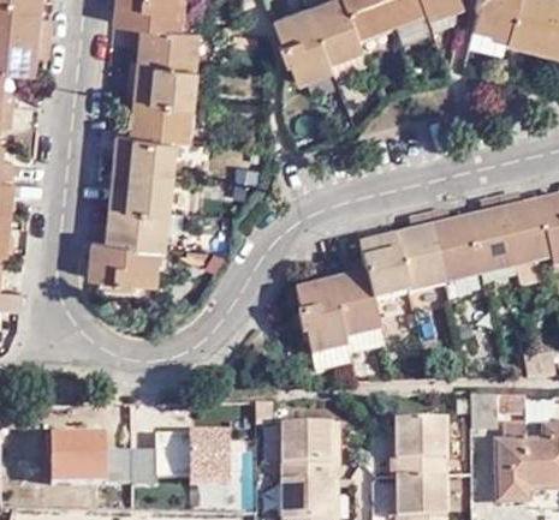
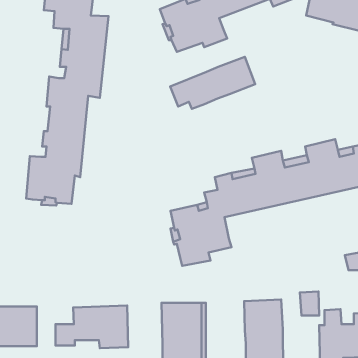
building: none -> [170,57,255,109]

